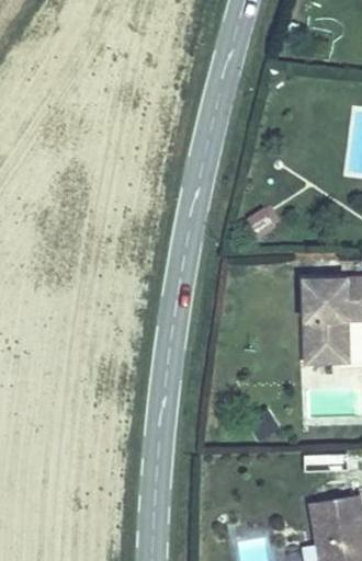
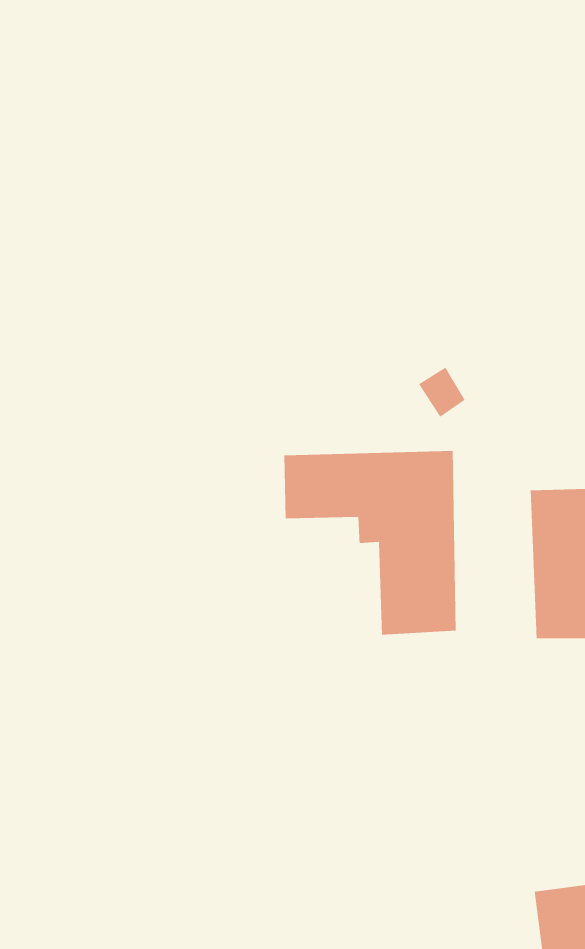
building: none -> [284,450,456,636]

